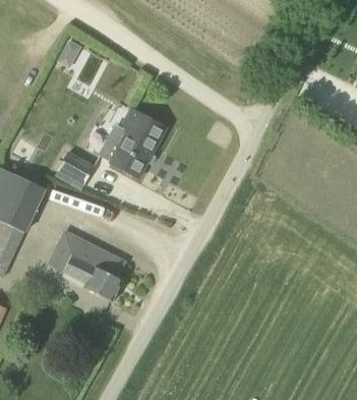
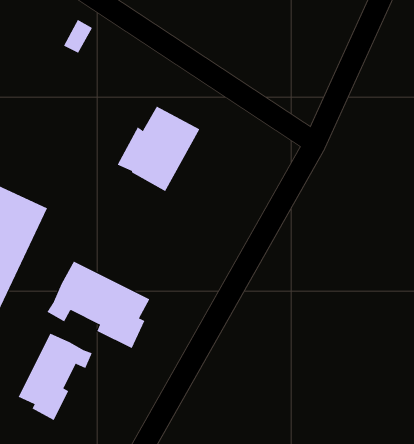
building: [58,151,93,183] -> none
building: none -> [18,333,93,421]

